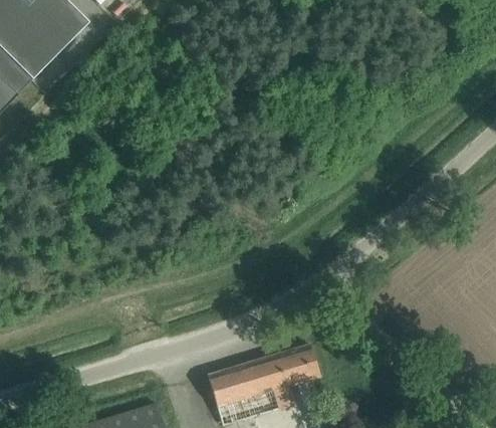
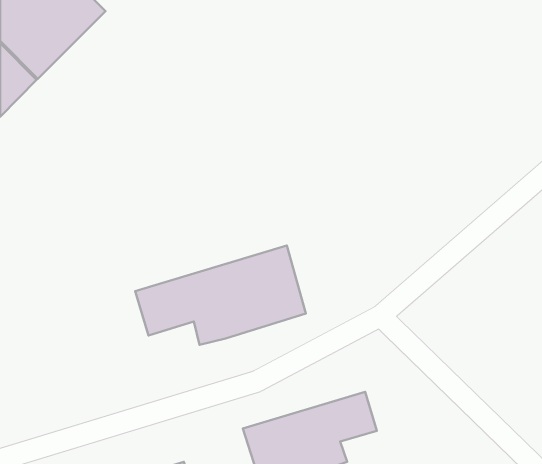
building: none -> [135,246,306,345]

